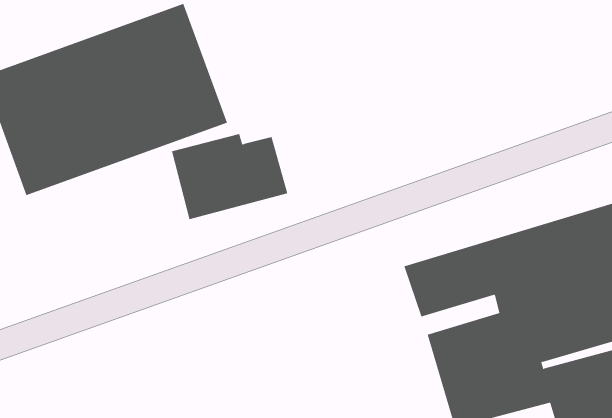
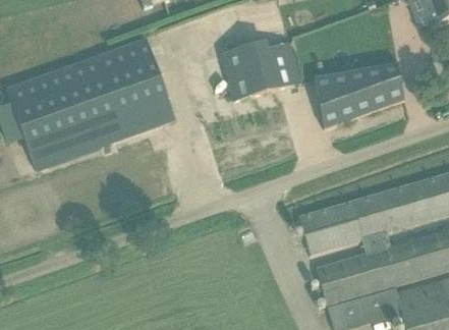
building: none -> [315,64,403,128]
building: [171,134,288,220] -> [219,40,300,100]

